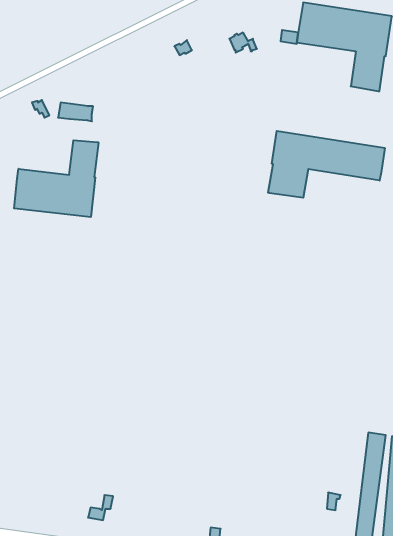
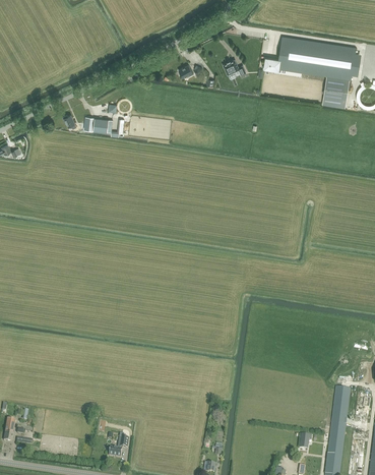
building: [268,131,385,198] -> none
building: [14,140,98,217] -> none

